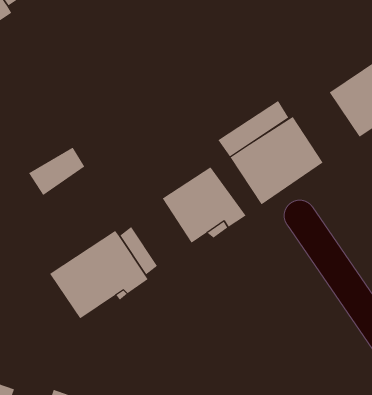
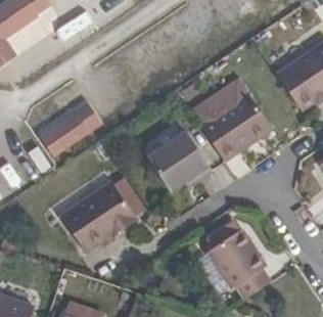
building: none -> [207,229,270,299]

